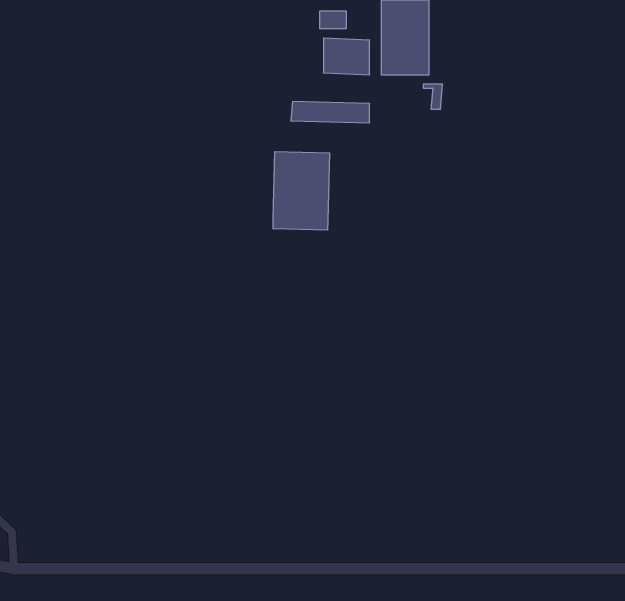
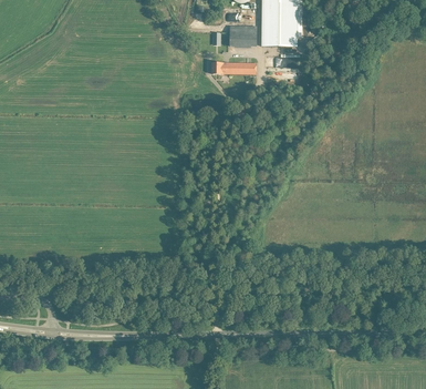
building: [273,152,329,230] -> none

